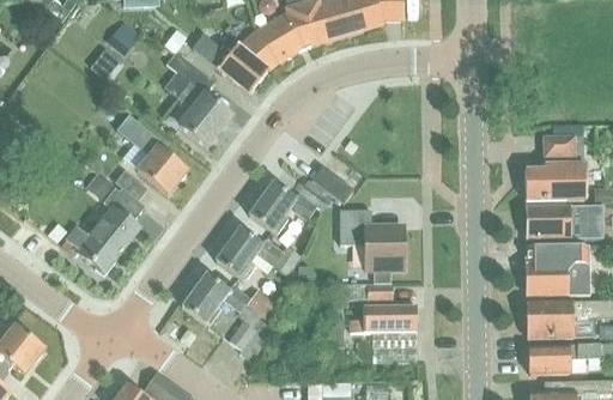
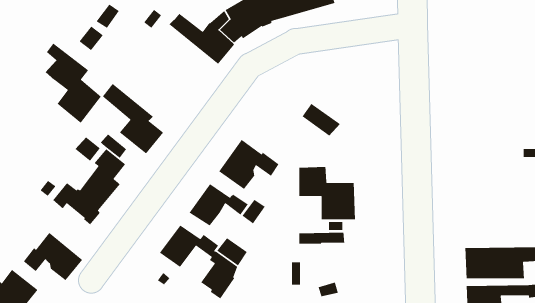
building: [166,55,231,147] -> [45,43,102,124]
building: [524,135,584,200] -> none
building: [314,164,358,202] -> [302,103,341,137]
building: [523,205,601,240] -> none
building: [526,247,589,296] -> none
building: none -> [23,232,83,281]
building: [350,303,418,329] -> none

